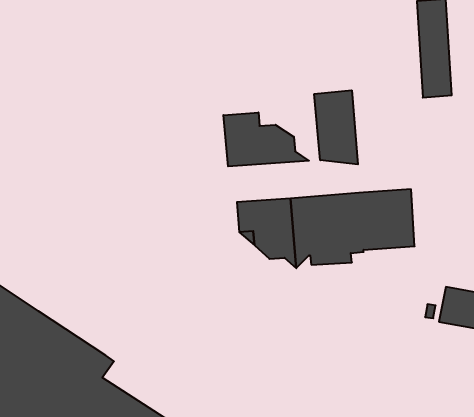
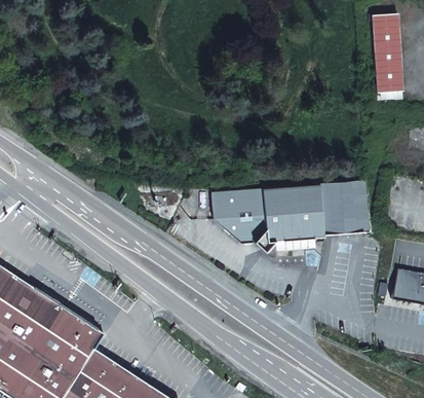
building: [314,90,358,164] -> none
building: [223,112,309,166] -> none

